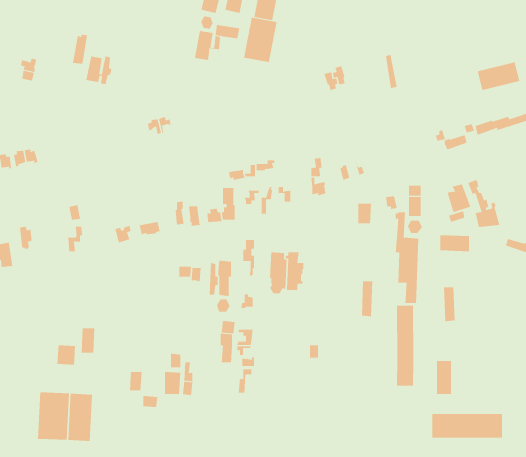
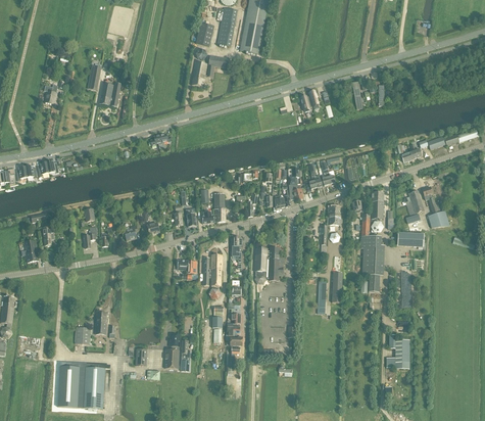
building: [244,17,277,63] -> none
building: [477,61,520,91] -> none
building: [397,305,414,386] -> none
building: [432,413,503,439] -> none

